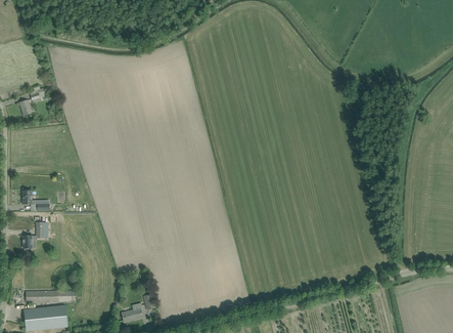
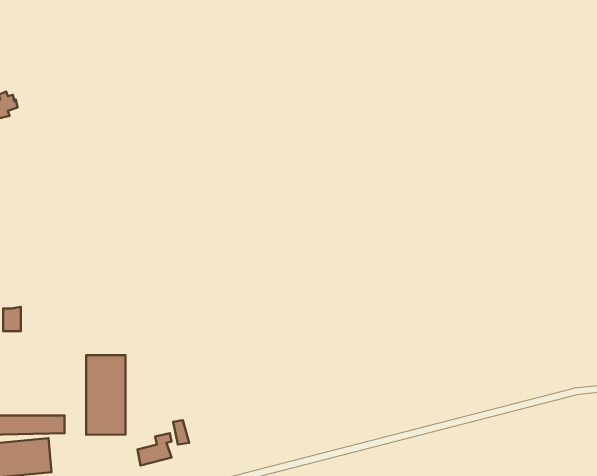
building: none -> [86,355,125,435]

